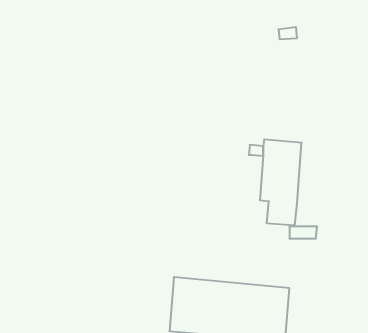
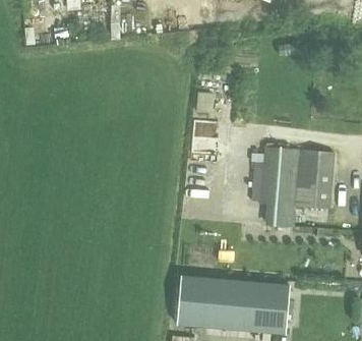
building: none -> [296,152,335,210]

